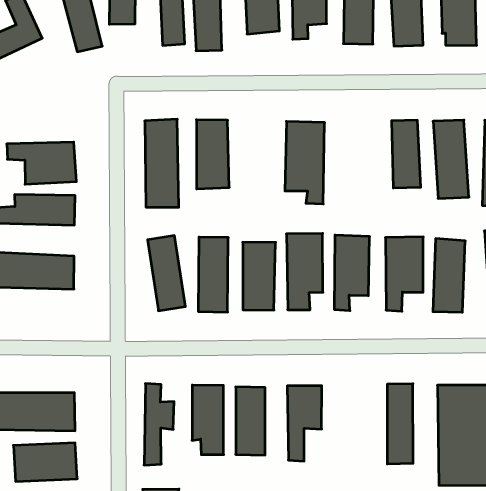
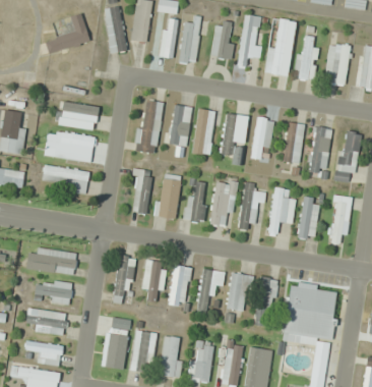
building: none -> [252,117,273,161]
building: none -> [191,108,218,156]
building: none -> [225,272,252,313]

